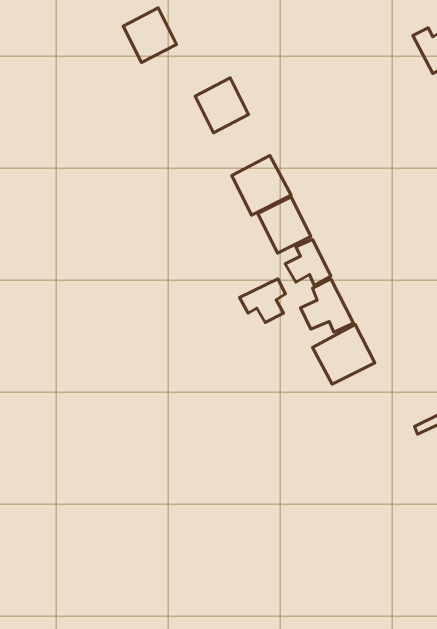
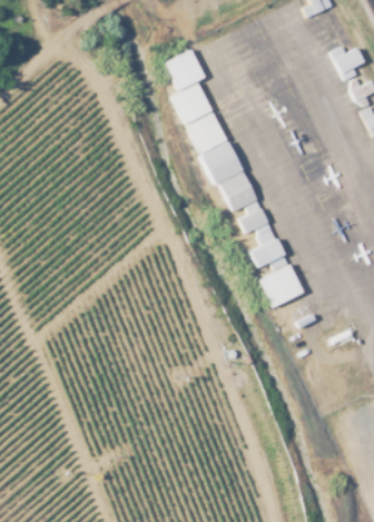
building: [123,8,177,63] -> [165,49,204,89]
building: none -> [187,112,226,152]
building: [240,279,285,322] -> none

